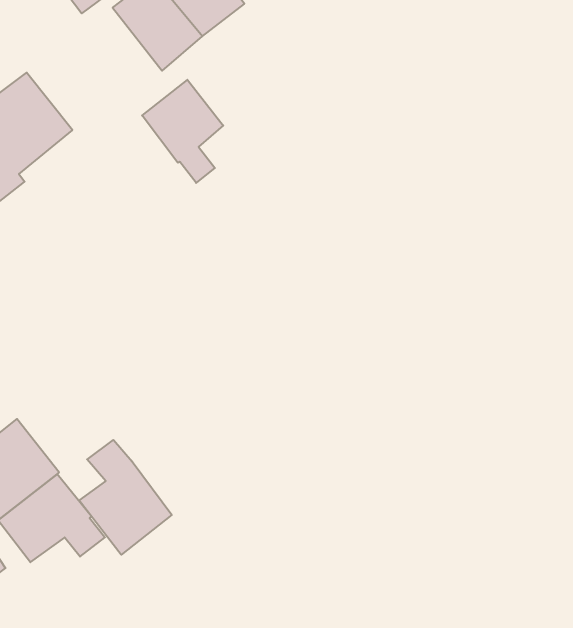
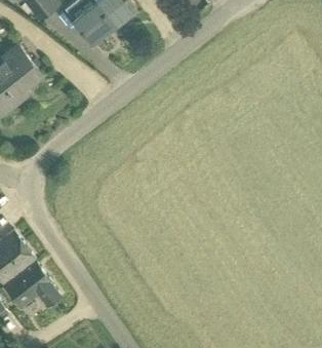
building: [142,80,223,183] -> none
building: [79,440,172,555] -> none

